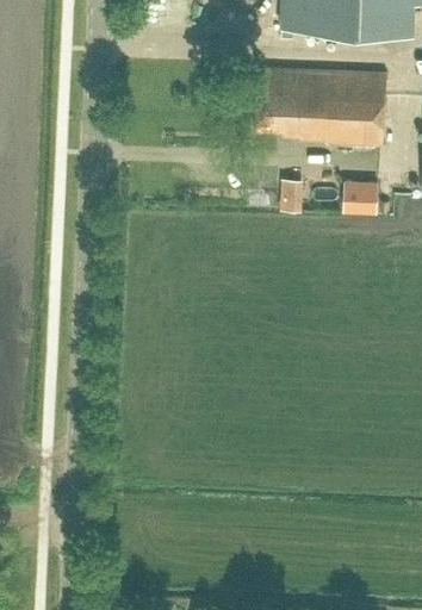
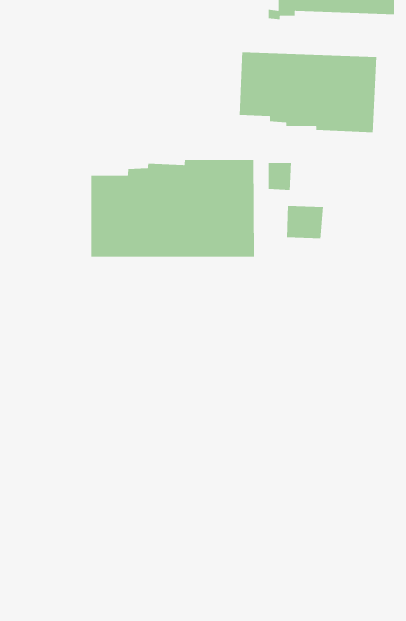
building: none -> [91,159,255,258]
building: [343,181,379,213] -> [286,205,324,239]

